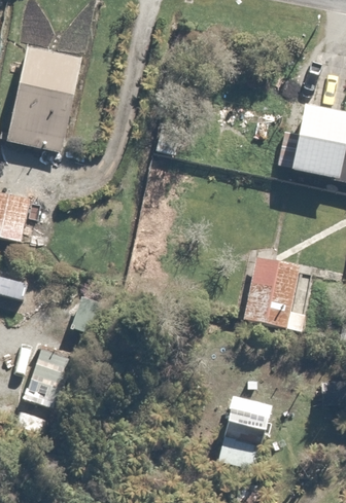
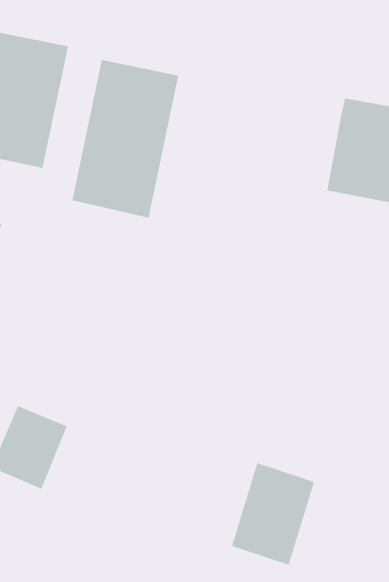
building: none -> [72,59,179,218]
building: [243,258,308,328] -> none

